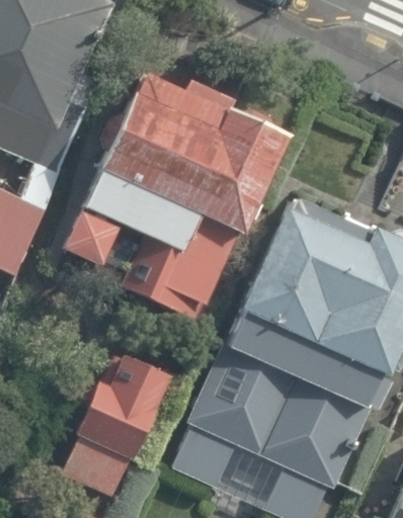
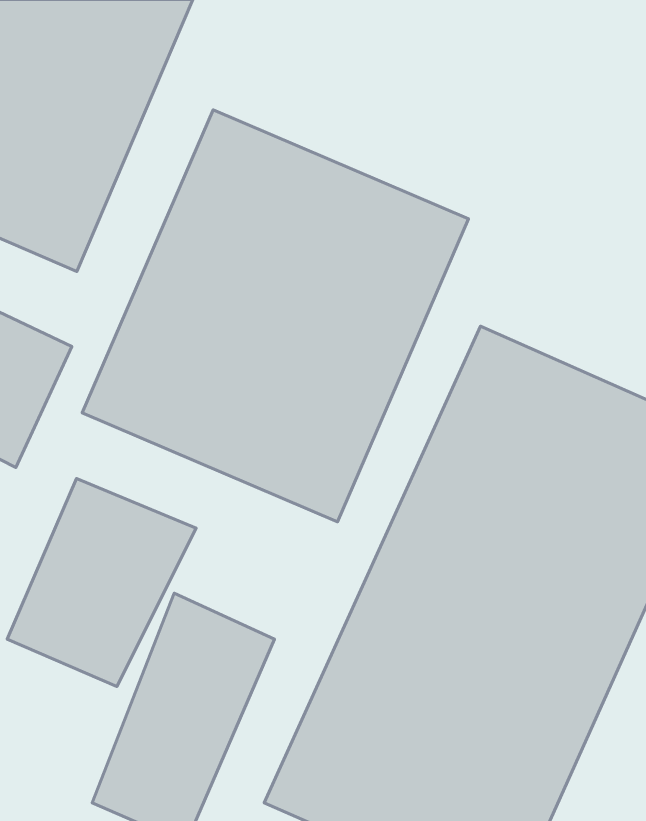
building: none -> [7,479,196,687]

